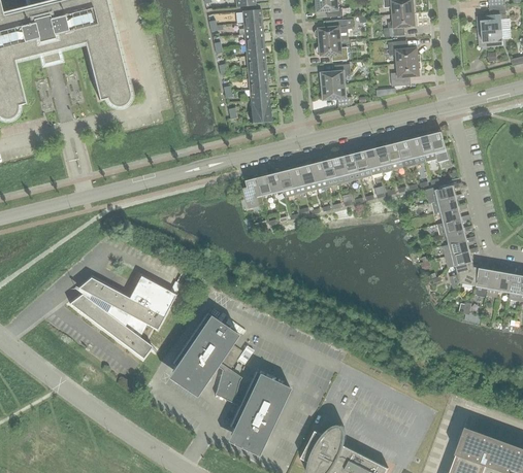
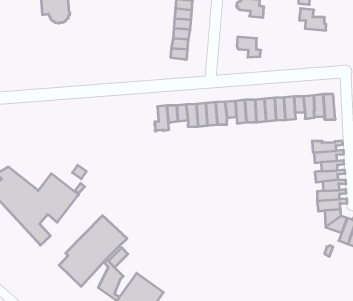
building: [391,62,422,87] -> none
building: [322,64,351,87] -> none

